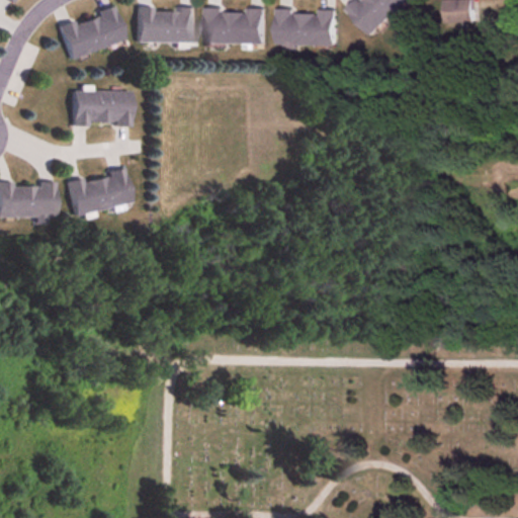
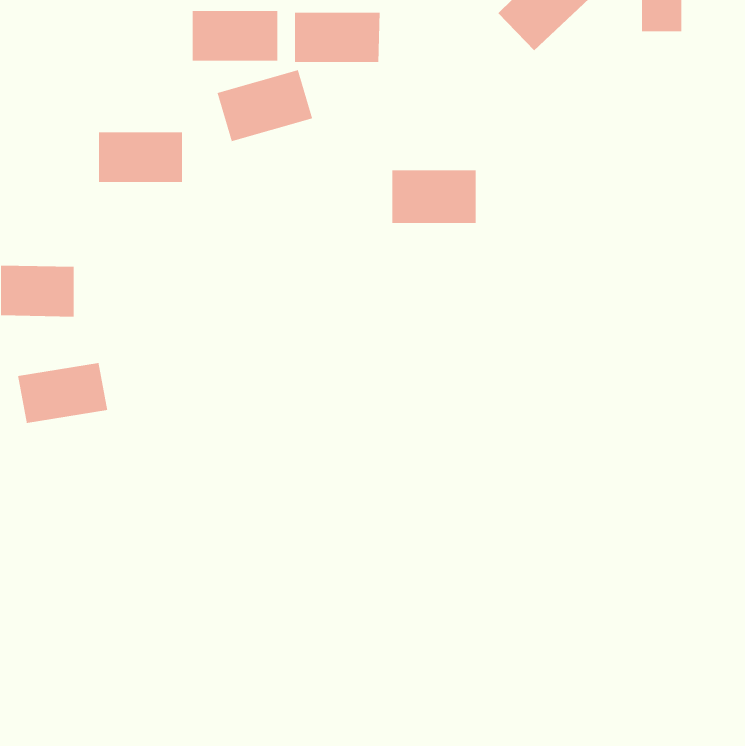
building: [57,8,123,59] -> [216,69,313,142]
building: [277,9,336,47] -> [391,170,476,224]
building: [66,172,128,214] -> [17,362,108,424]

